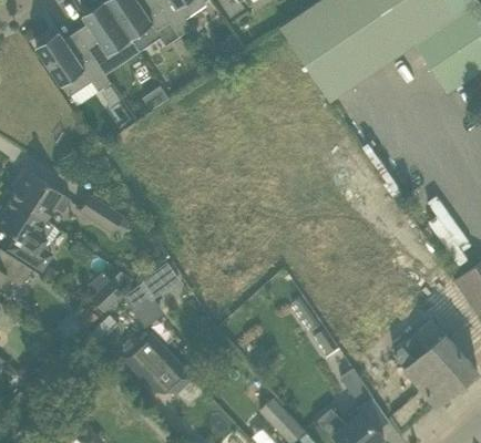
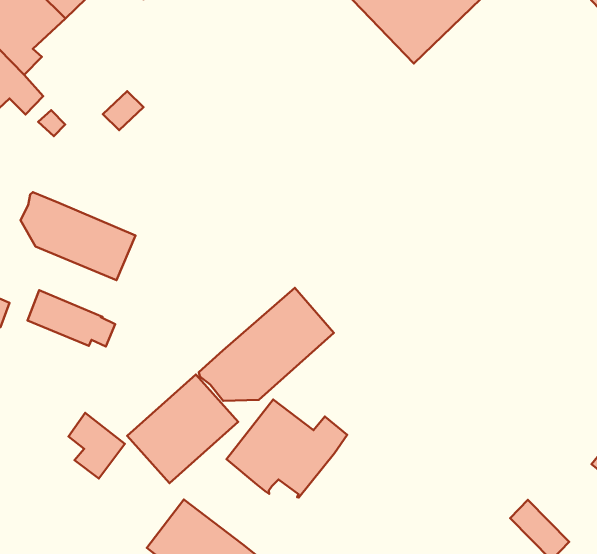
building: none -> [21,192,136,280]
building: none -> [199,288,334,401]
building: none -> [227,399,347,497]

